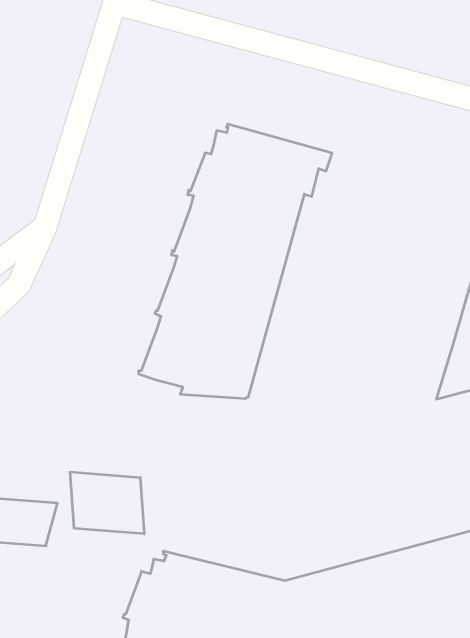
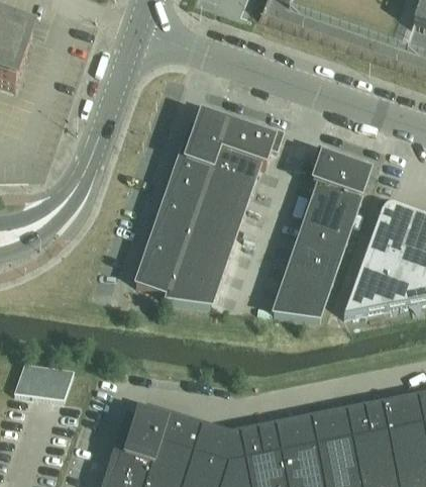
building: none -> [272,148,367,318]
building: [70,472,144,534] -> none

